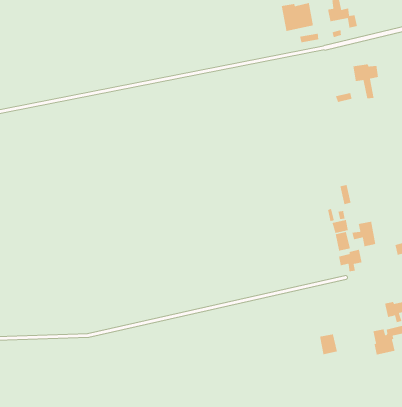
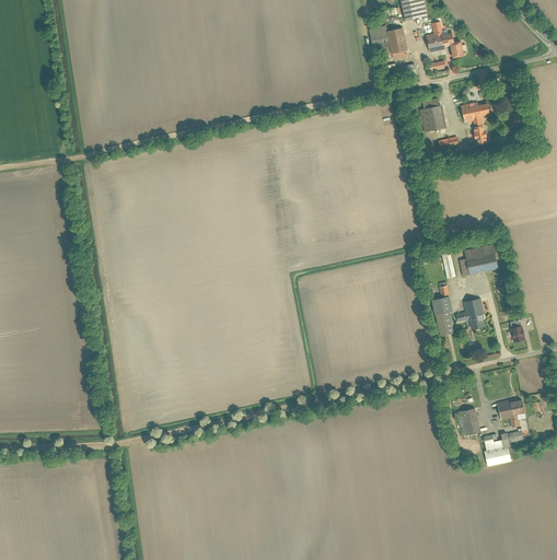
building: none -> [418,97,444,133]
building: none -> [461,243,498,275]
building: [338,249,362,272] -> none
building: [319,333,338,355] -> [457,407,480,434]

